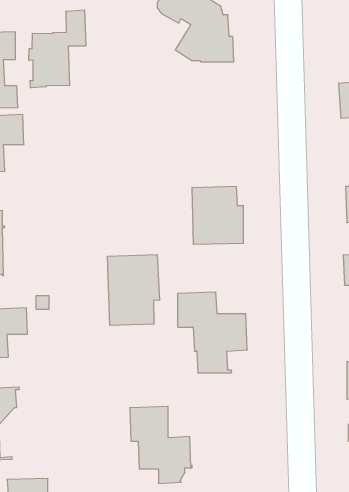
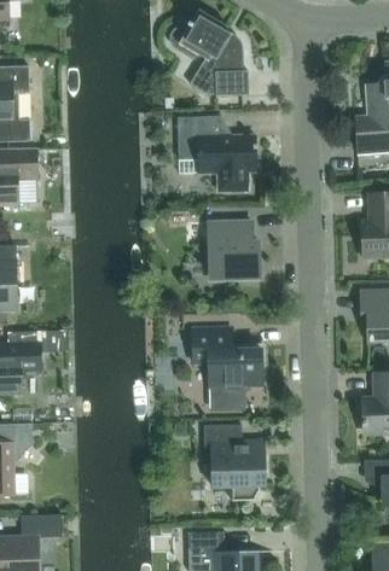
building: [29,10,86,88] -> none
building: none -> [178,116,257,192]
building: [108,255,160,325] -> none
building: [130,406,192,483] -> [203,424,266,501]

